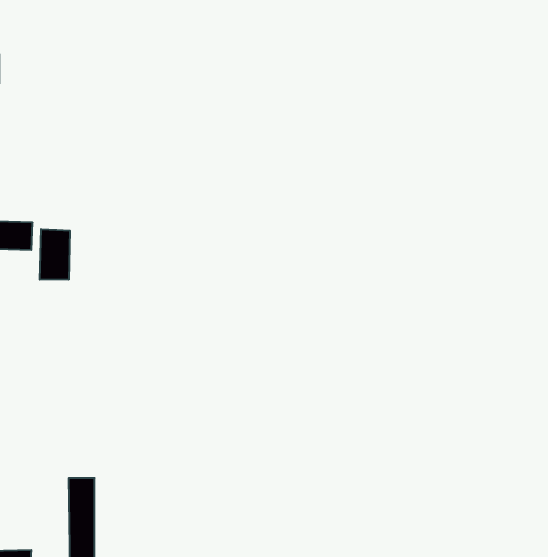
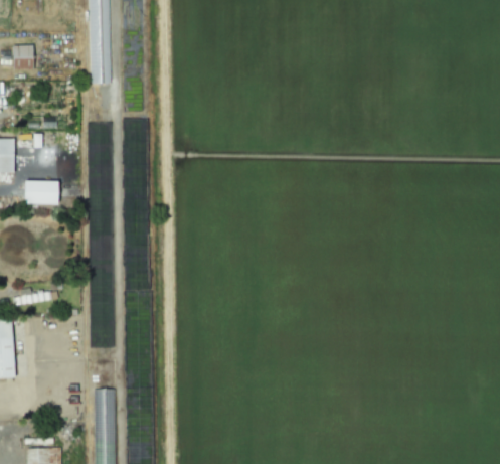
building: [40,229,70,280] -> none

